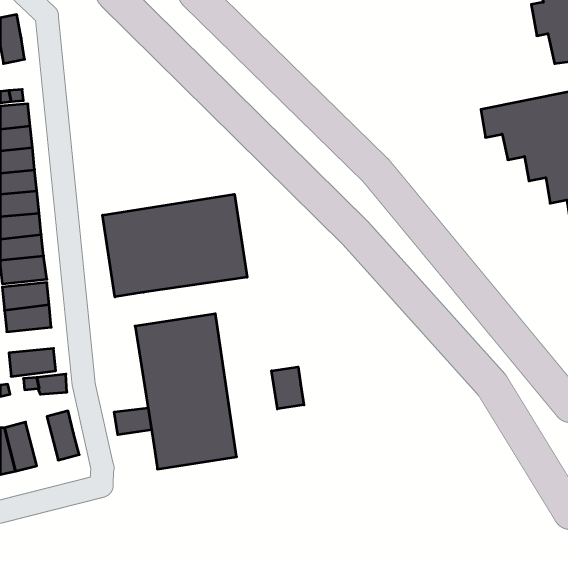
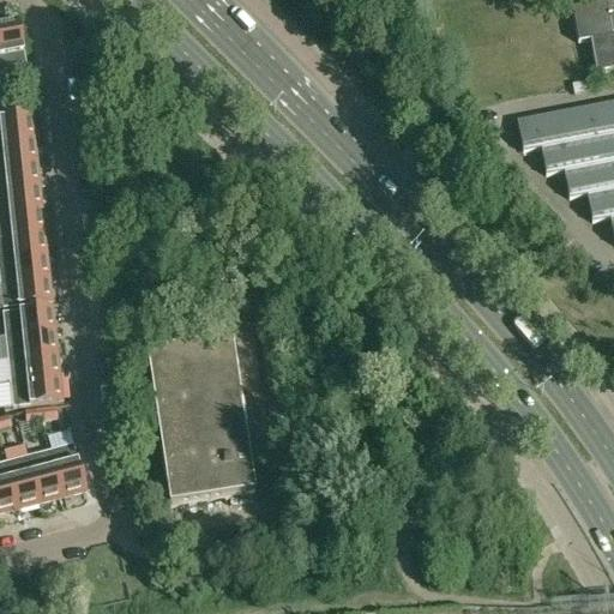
building: [103,194,247,297] -> none
building: none -> [10,351,60,379]
building: [272,367,304,409] -> none
building: [114,408,151,435] -> none
building: none -> [30,447,65,500]

